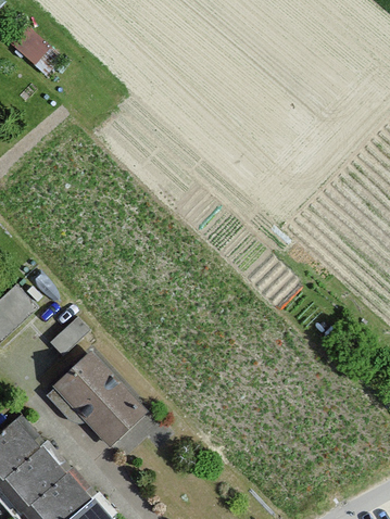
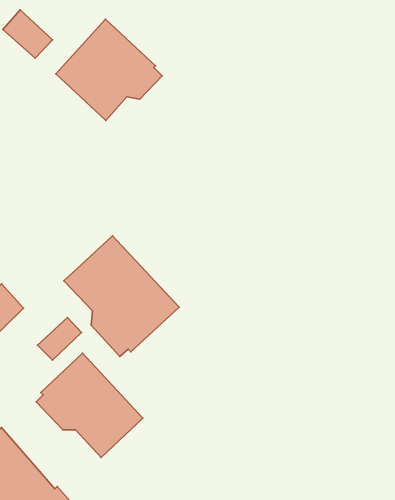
building: none -> [56,19,162,120]
building: none -> [64,236,179,357]

